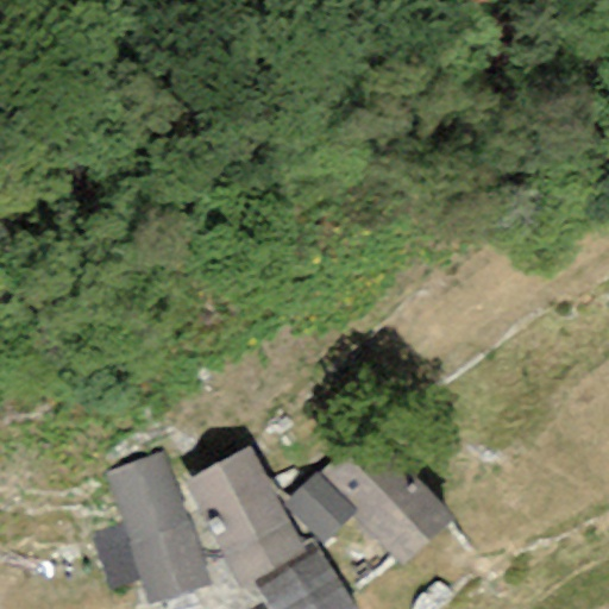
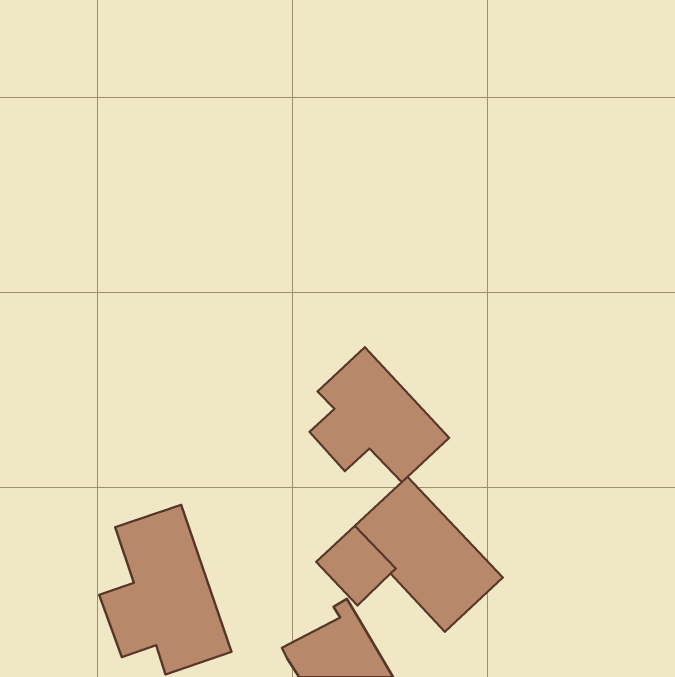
building: none -> [310,347,449,482]
building: [184,447,307,590] -> none

